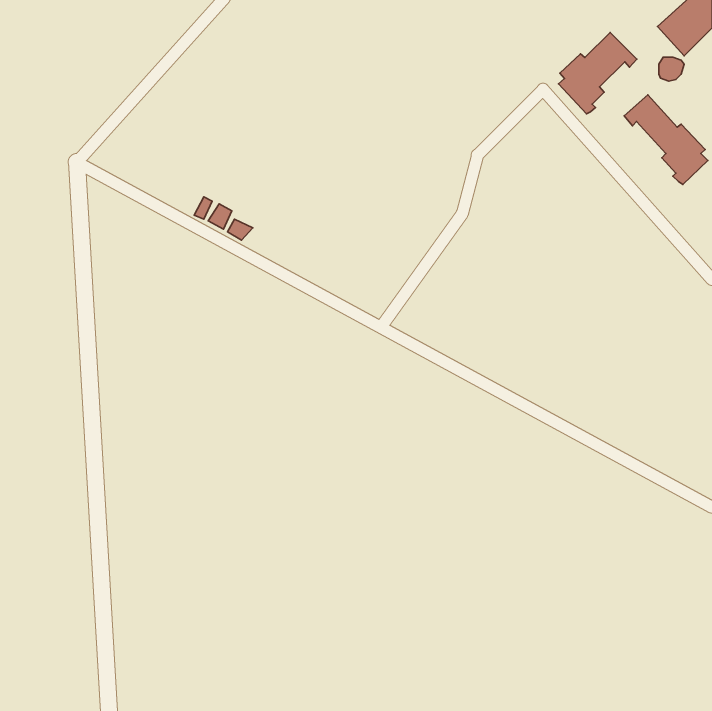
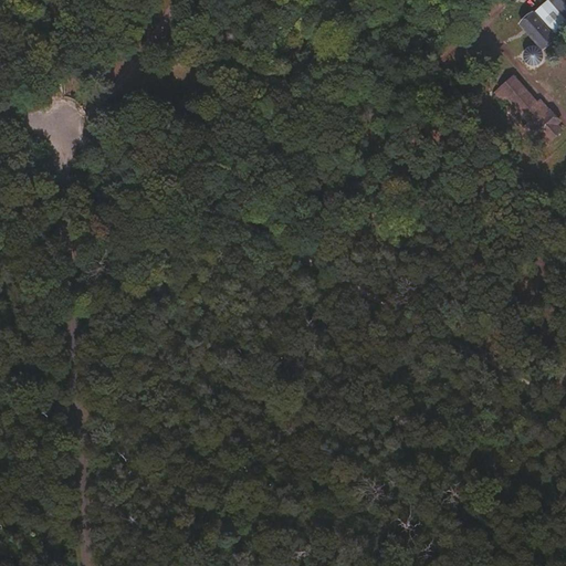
building: [558,32,637,114] -> none

